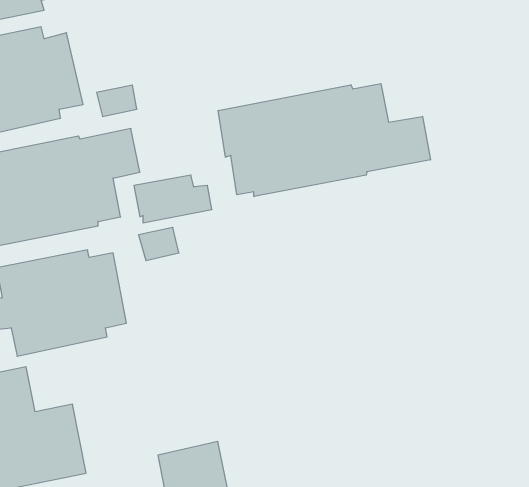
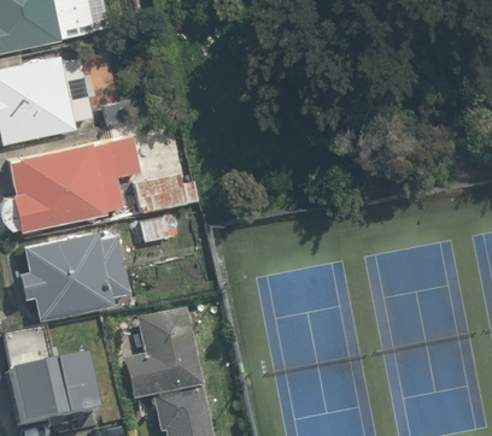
building: [218,84,430,197] -> none
building: none -> [125,311,203,403]

